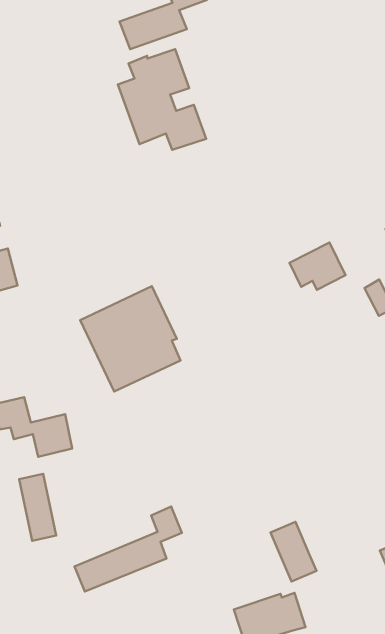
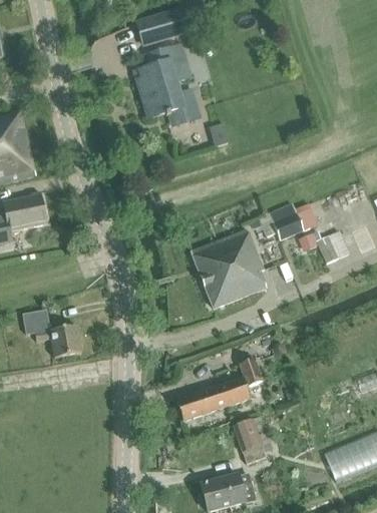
building: [80,286,181,392] -> [191,228,267,309]
building: [19,474,56,541] -> none
building: [74,507,182,592] -> [177,358,263,420]

